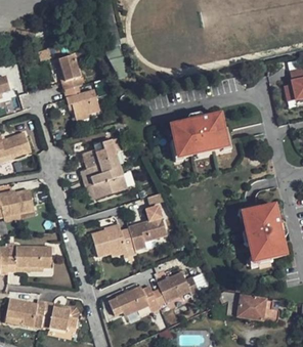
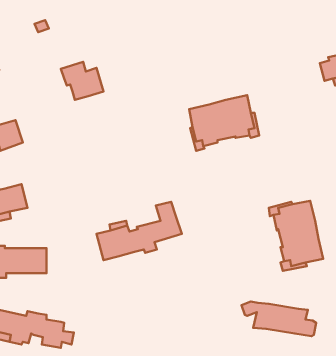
building: [56,54,81,90] -> none
building: [80,137,129,199] -> none
building: [109,271,198,315] -> none

